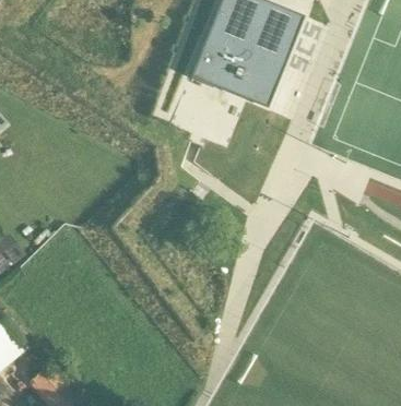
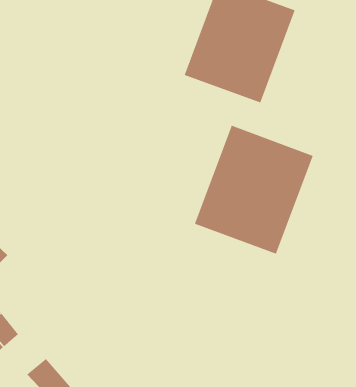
building: none -> [194,125,313,255]

